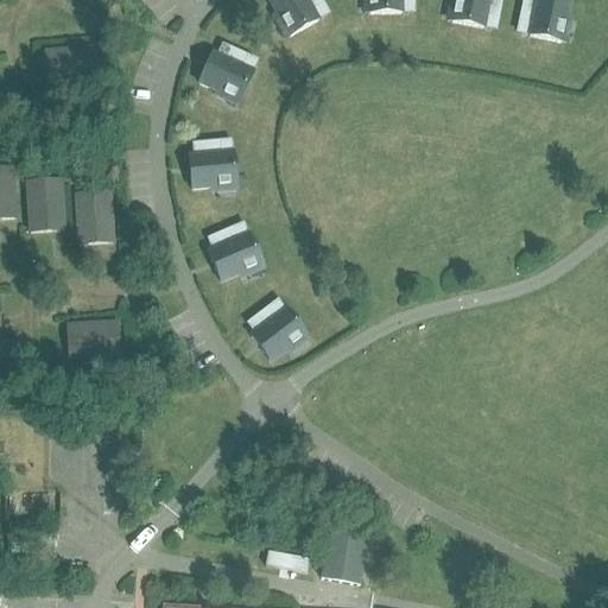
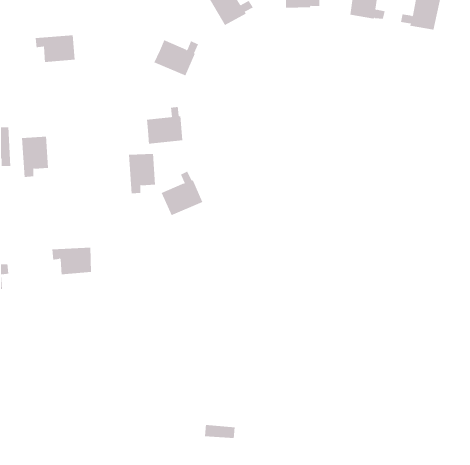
building: [76,189,112,241] -> [128,154,156,194]
building: [251,297,306,360] -> none
building: [321,521,369,582] -> none

